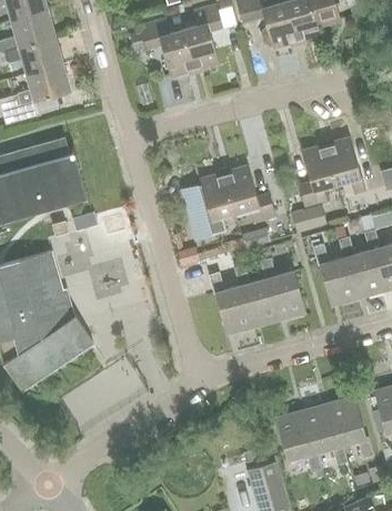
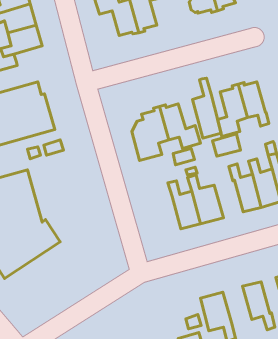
building: none -> [192,78,221,138]
building: [208,272,250,334] -> none
building: [304,401,346,464] -> none

